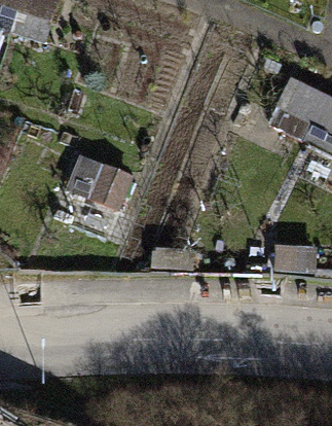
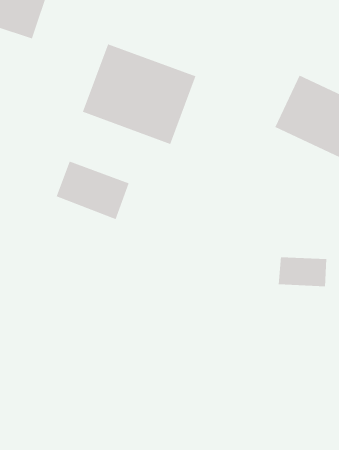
building: none -> [82,43,196,145]

